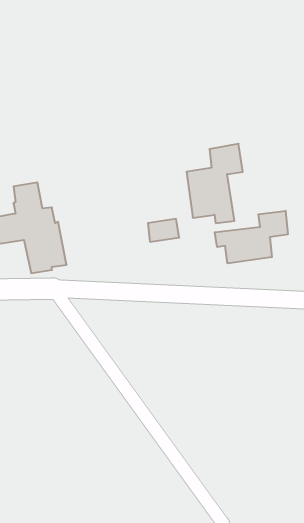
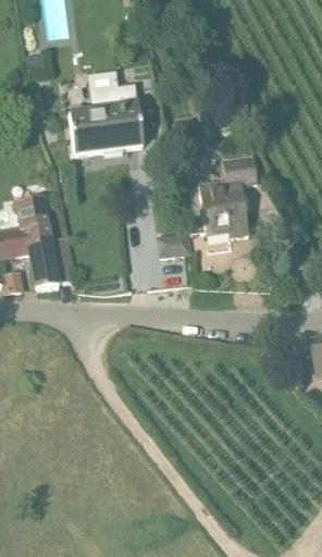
building: none -> [67,83,146,157]
building: [215,211,288,263] -> none

